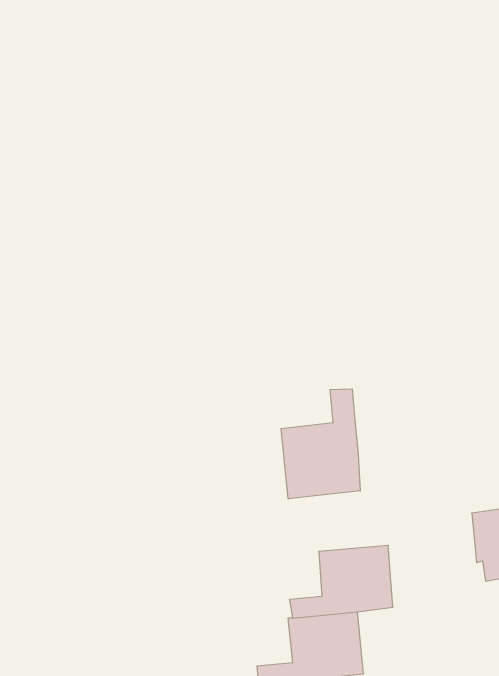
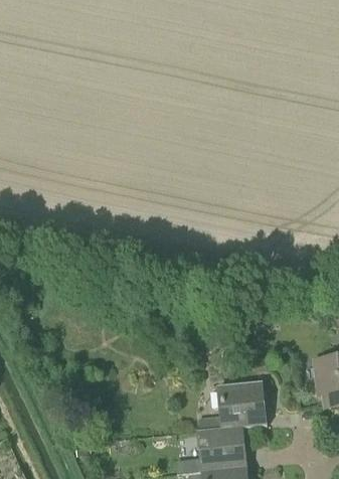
building: [281,389,360,499] -> none

